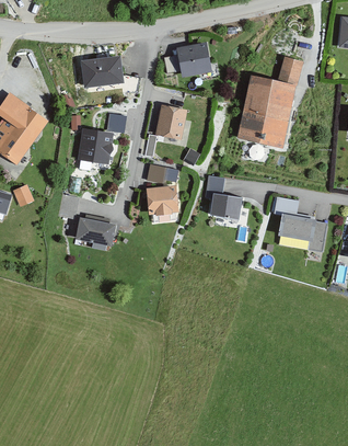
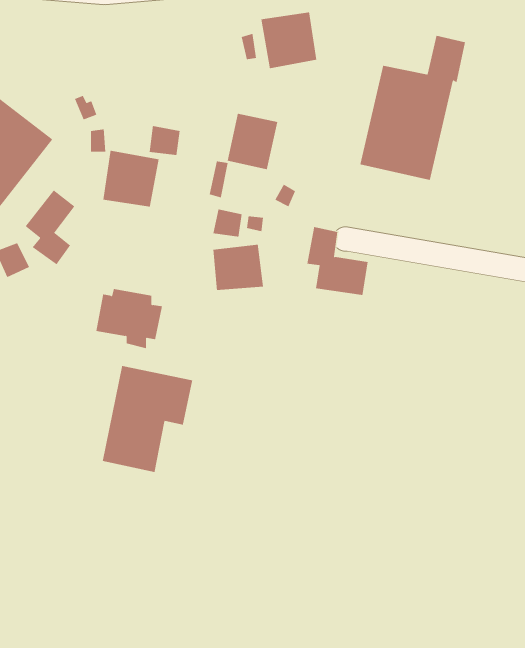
building: [81,55,124,88] -> none
building: none -> [25,190,75,265]
building: [274,197,329,253] -> none
building: none -> [102,365,193,473]

